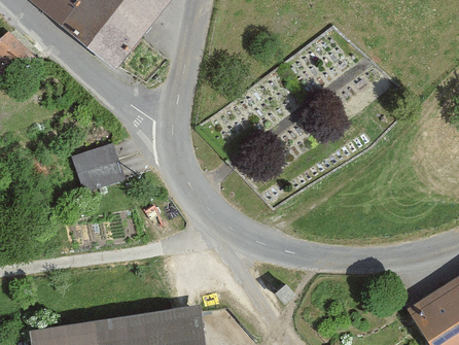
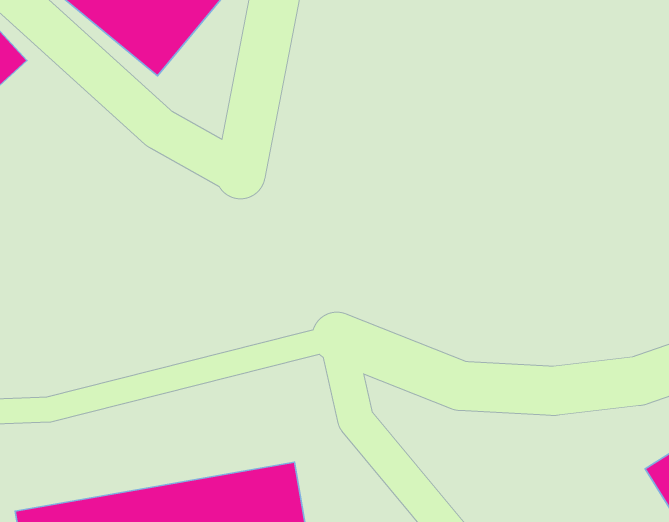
building: [68,141,122,192] -> none

